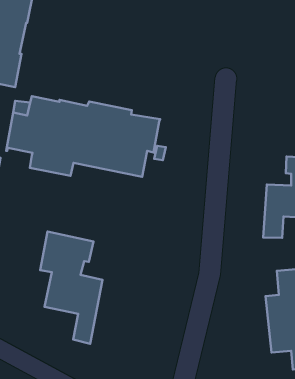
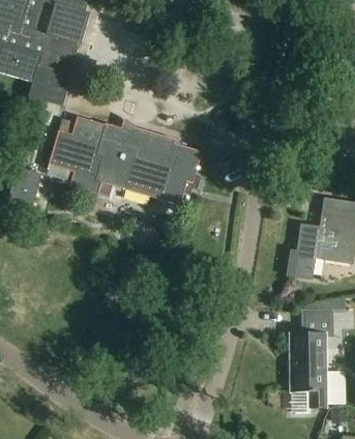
building: [40,232,103,344] -> none

